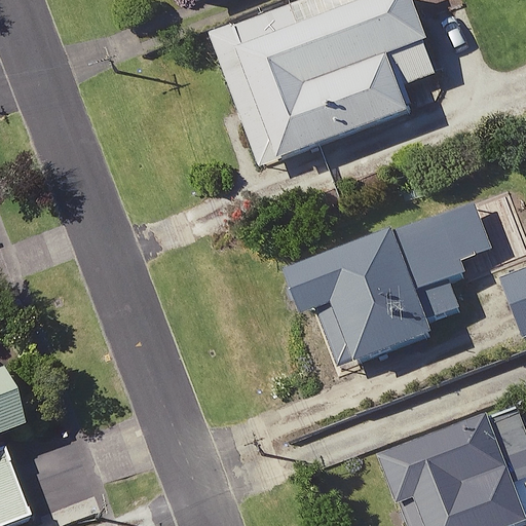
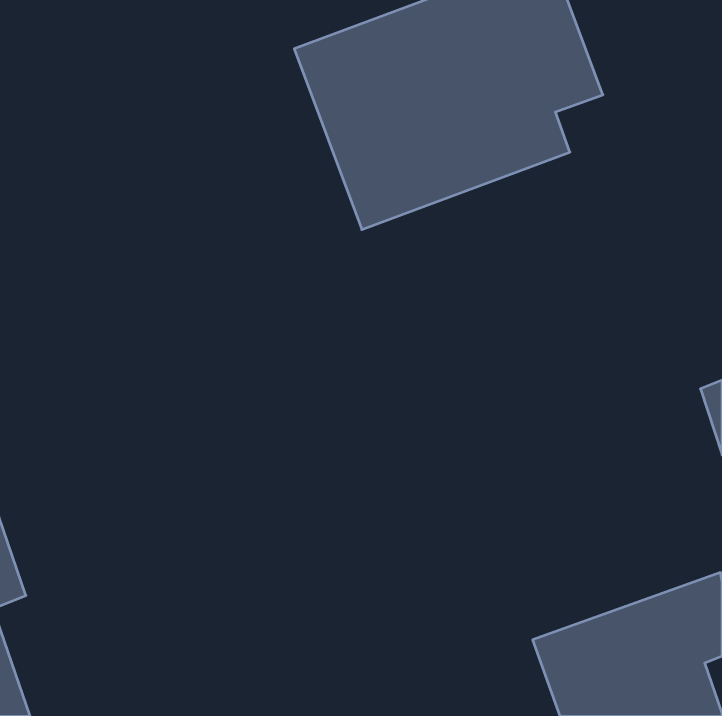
building: [285,199,494,362] -> none

